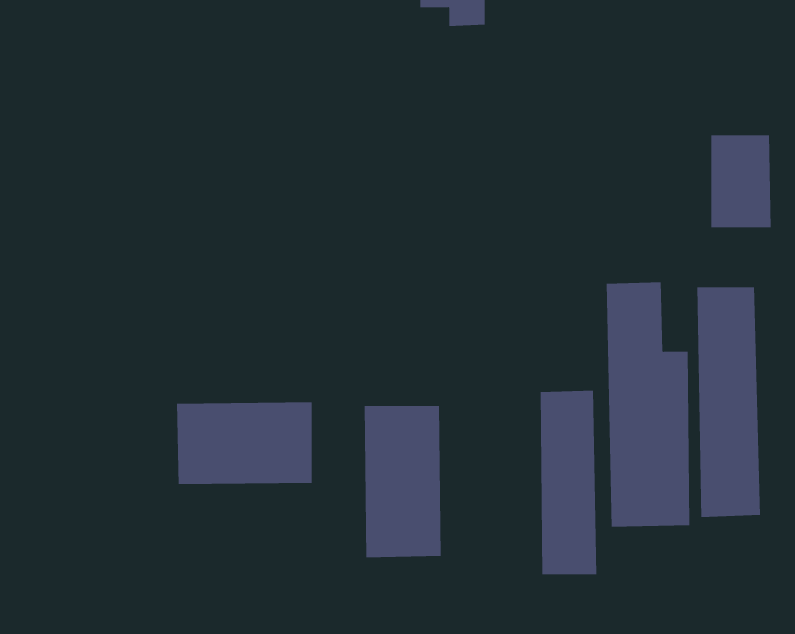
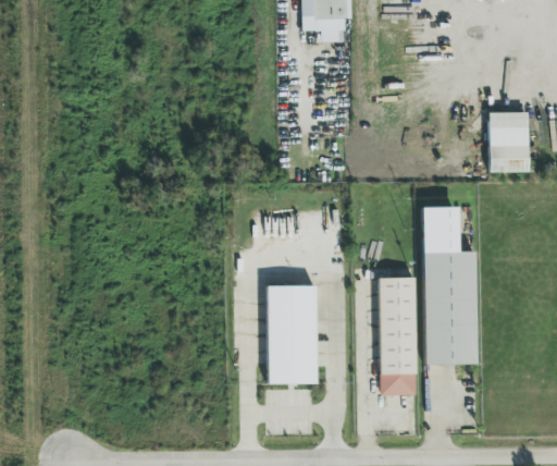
building: [697,287,761,518] -> none
building: [177,402,312,485] -> none

